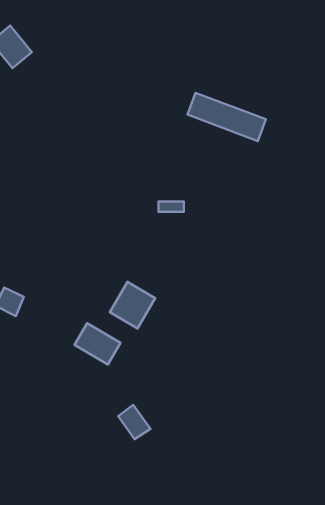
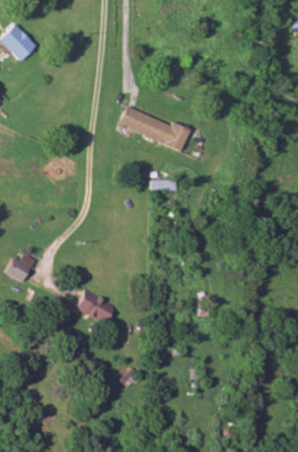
building: [187,93,266,141] -> [119,107,188,150]
building: [110,282,155,328] -> none

